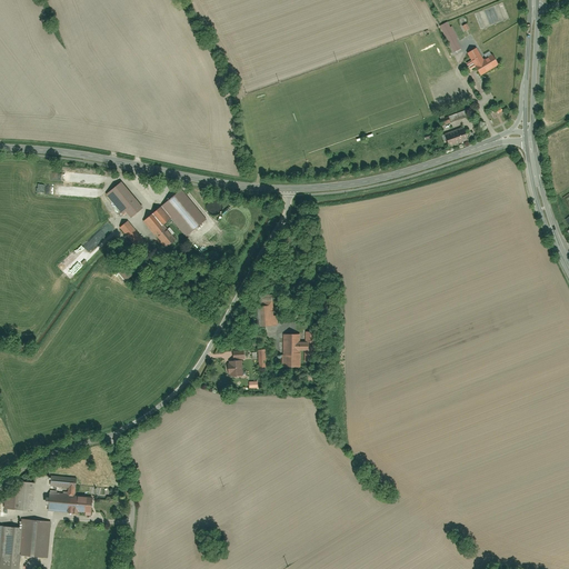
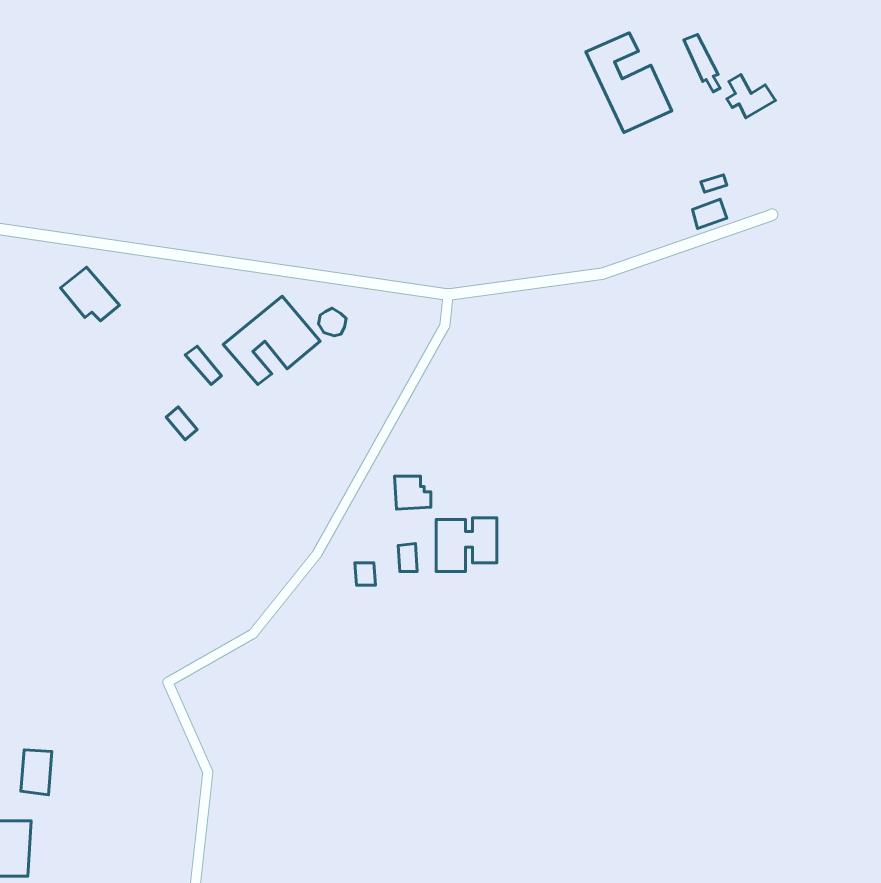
building: none -> [586,33,672,133]
building: [104,182,142,217] -> [61,267,119,321]
building: [48,476,90,513] -> none
building: [20,519,49,557] -> none

